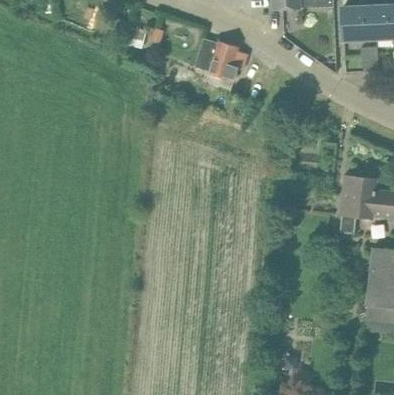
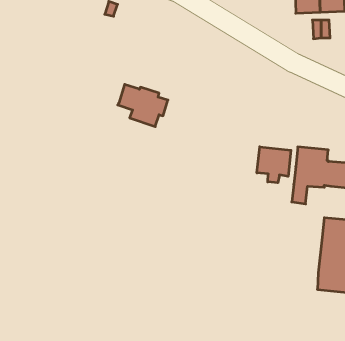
building: [196,38,247,81] -> [118,84,168,127]
building: none -> [257,147,291,183]

